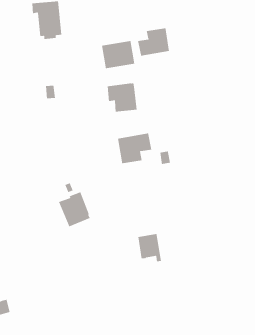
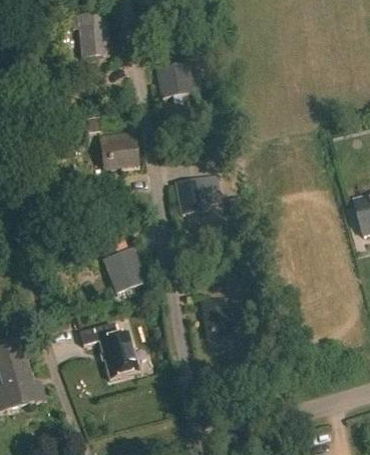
building: [138,27,170,56] -> none
building: [107,83,138,112] -> [99,131,137,167]
building: none -> [81,322,140,378]

